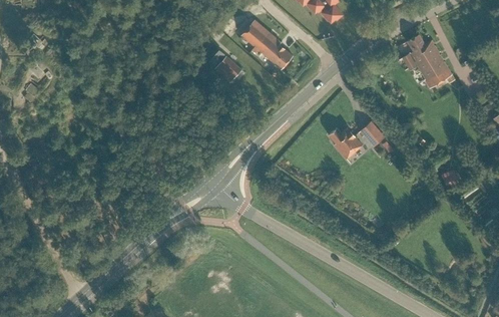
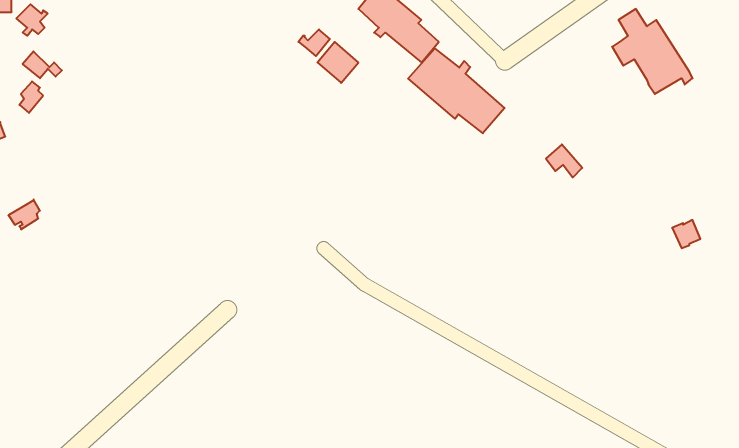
building: none -> [408,49,505,133]
building: [328,127,363,160] -> none

